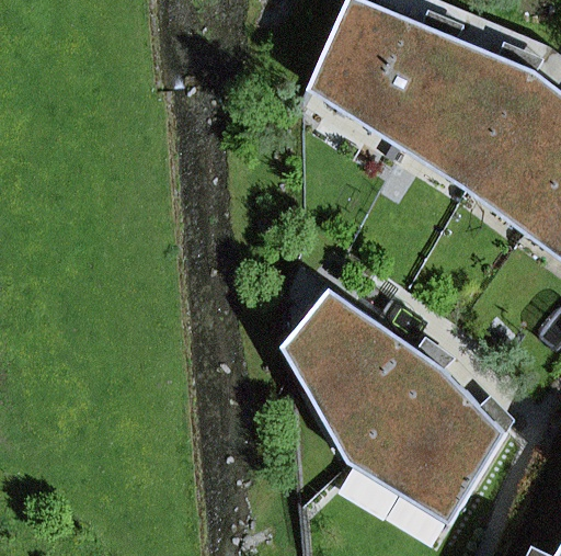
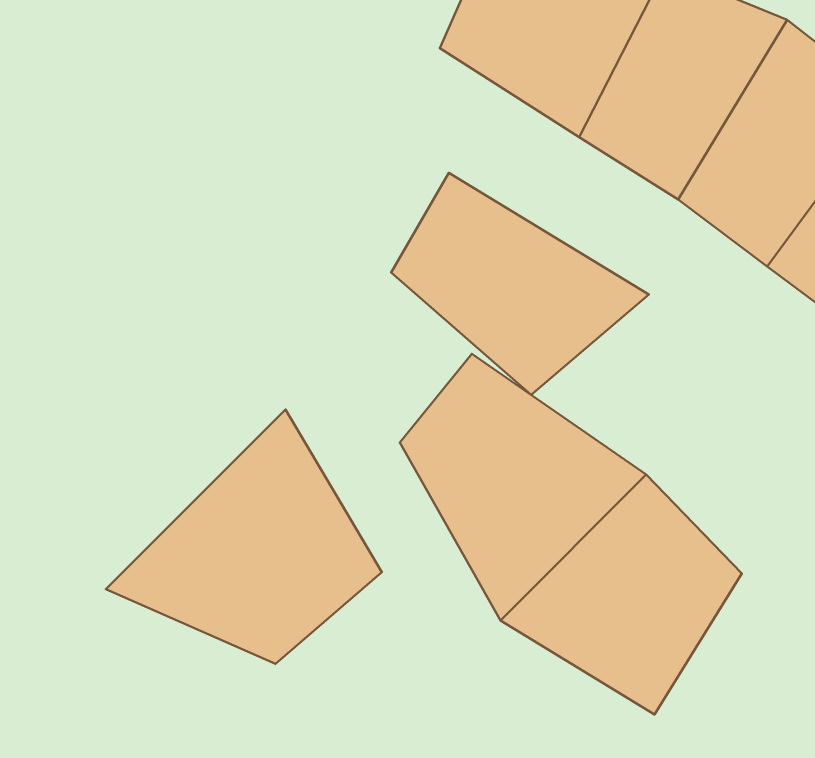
building: none -> [391,173,649,395]
building: none -> [106,409,382,664]

